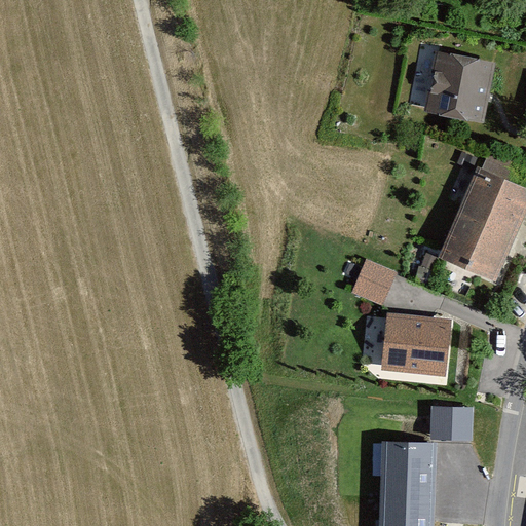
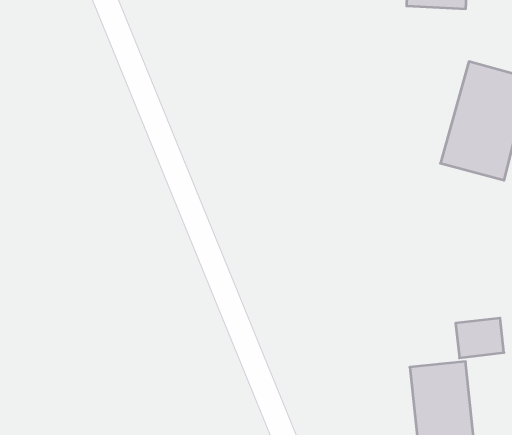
building: [351,256,397,302] -> none
building: [378,308,454,375] -> none

